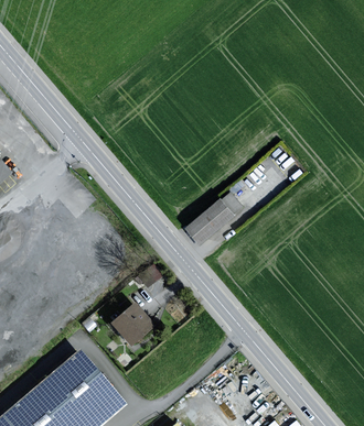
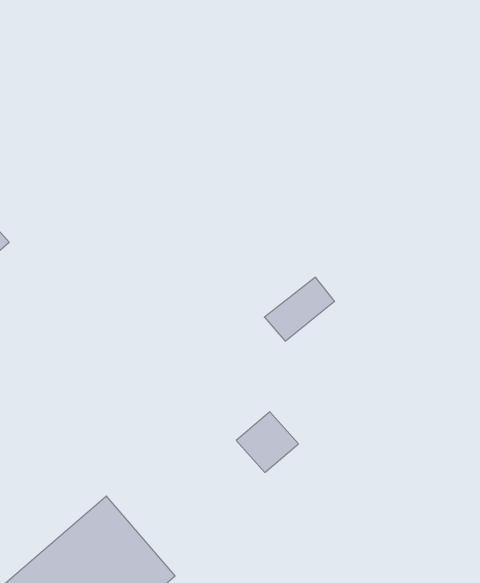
building: [110,304,153,346] -> [236,412,298,472]

